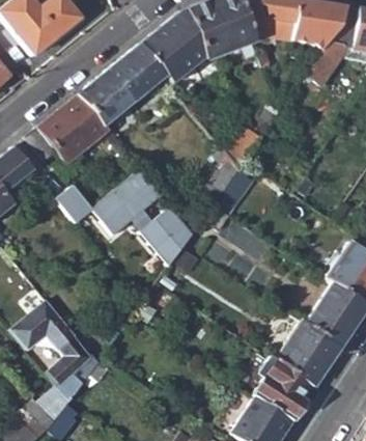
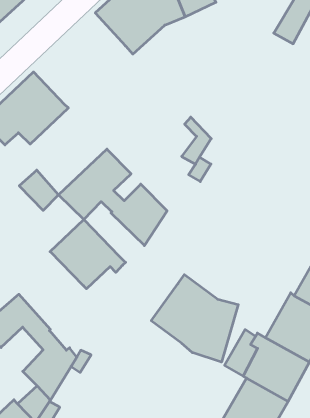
building: [79,42,167,126] -> none
building: none -> [50,219,126,289]
building: none -> [151,275,238,362]

